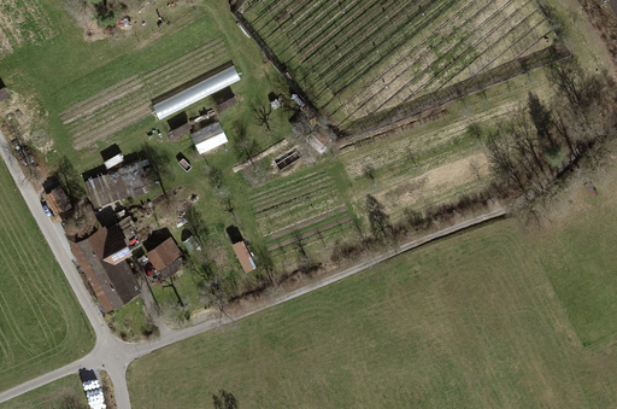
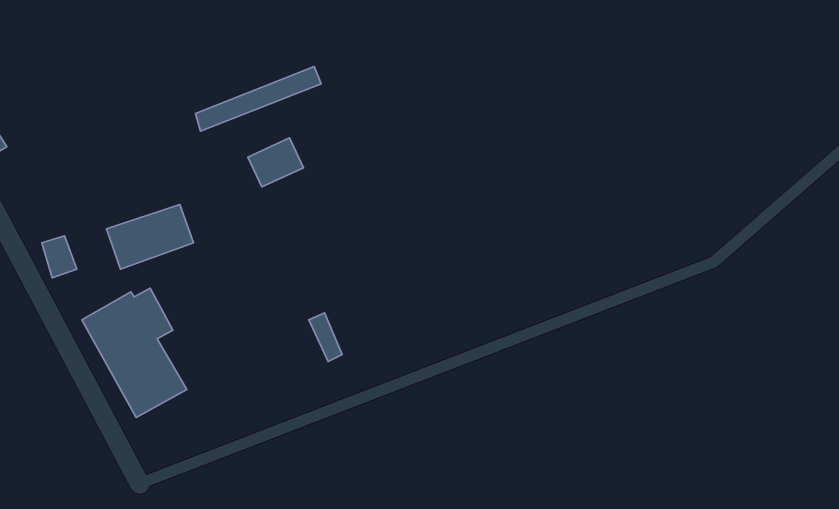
building: [146,238,182,273] -> none

